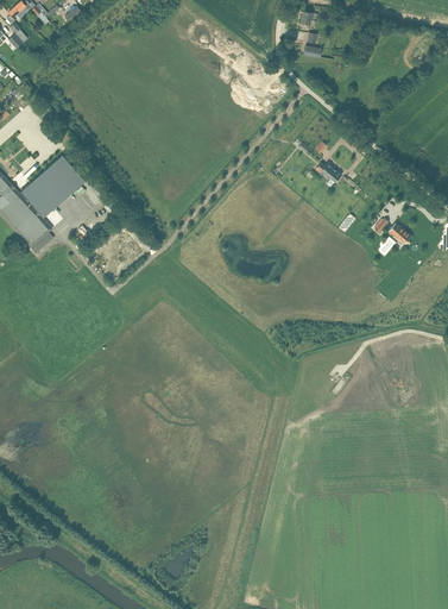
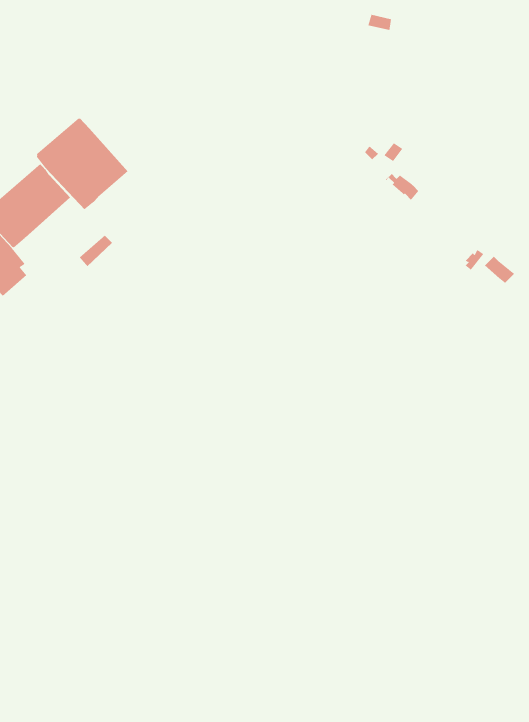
building: none -> [35,118,128,210]

